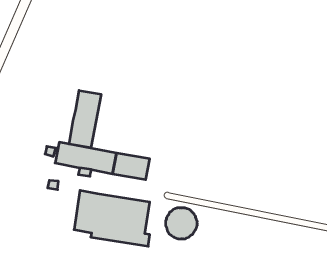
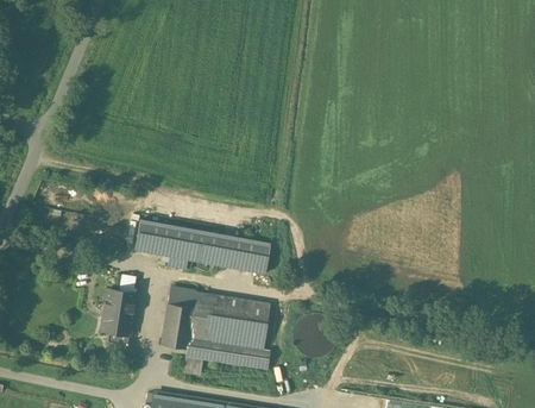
building: [69,90,101,148] -> none
building: none -> [101,288,136,345]

